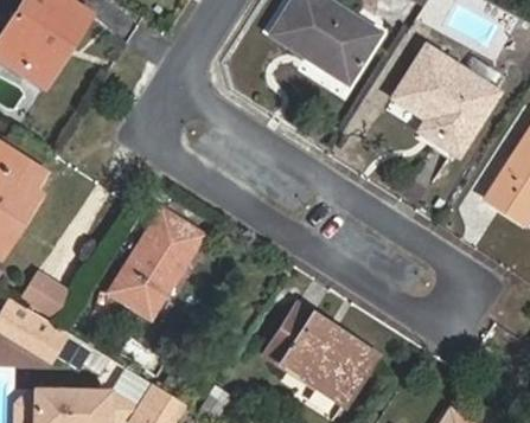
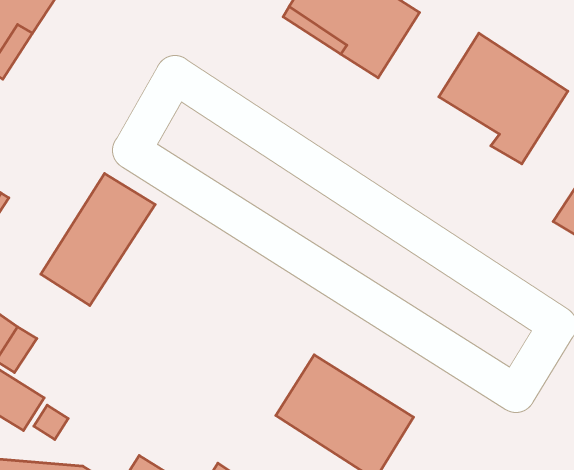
building: [108,213,199,319] -> [41,174,155,305]

